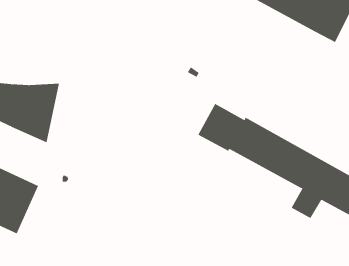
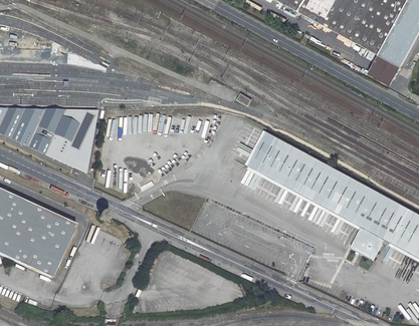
building: none -> [368,53,400,83]

